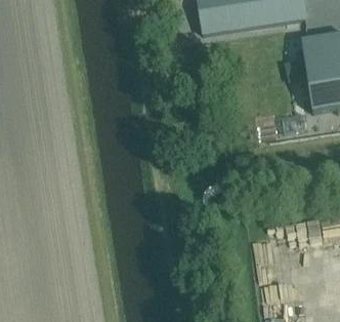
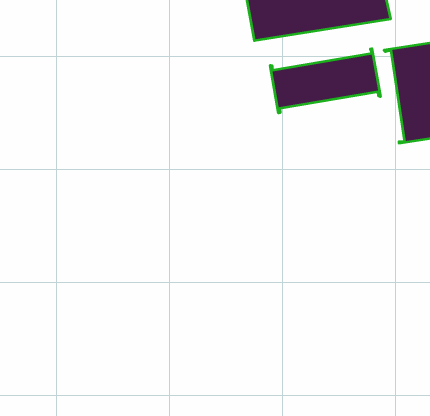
building: none -> [270,49,380,113]

